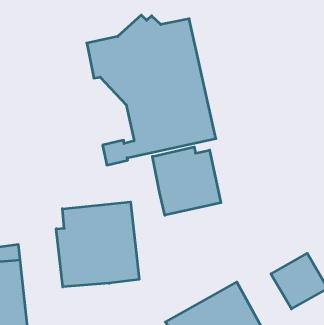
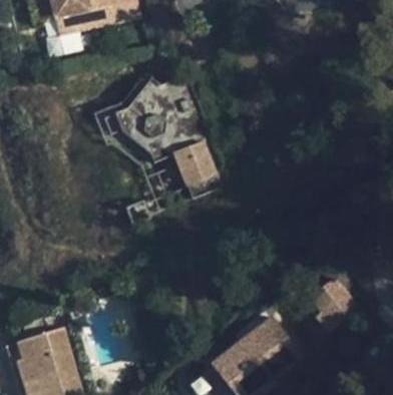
building: [152,147,221,215] -> none
building: [56,202,139,287] -> none

